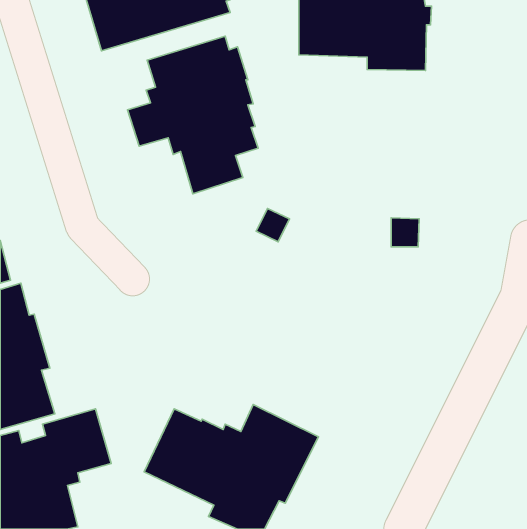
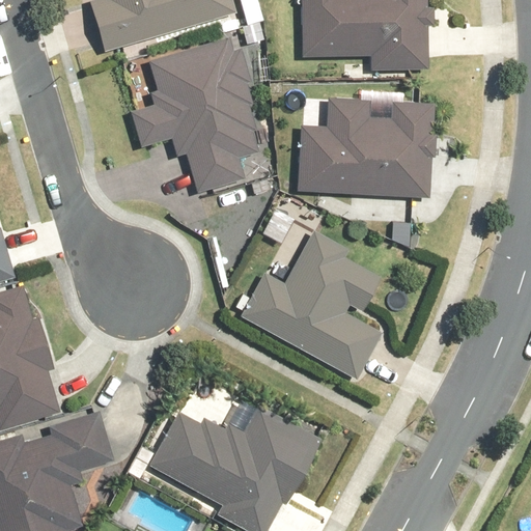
building: none -> [298,97,437,196]
building: none -> [240,229,382,380]

